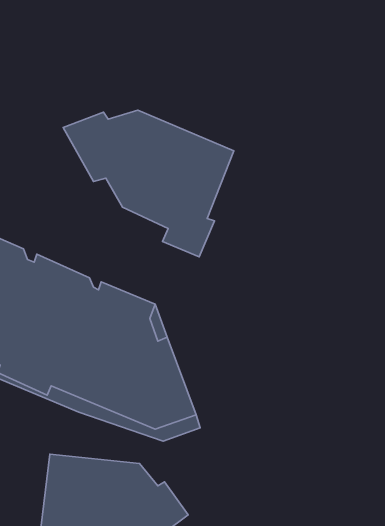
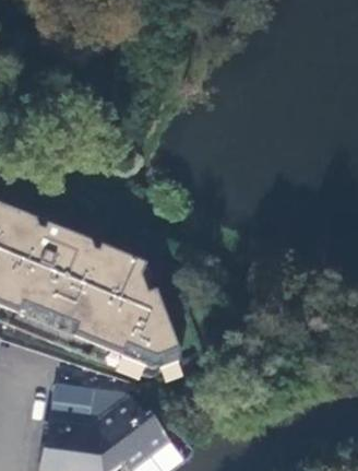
building: [63,110,234,257] -> none

